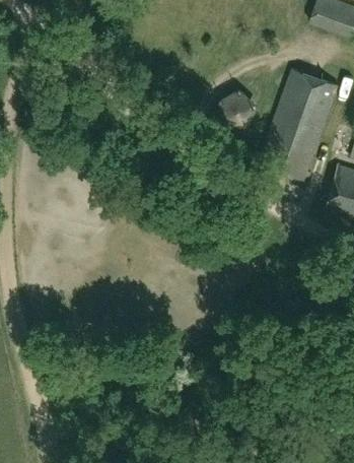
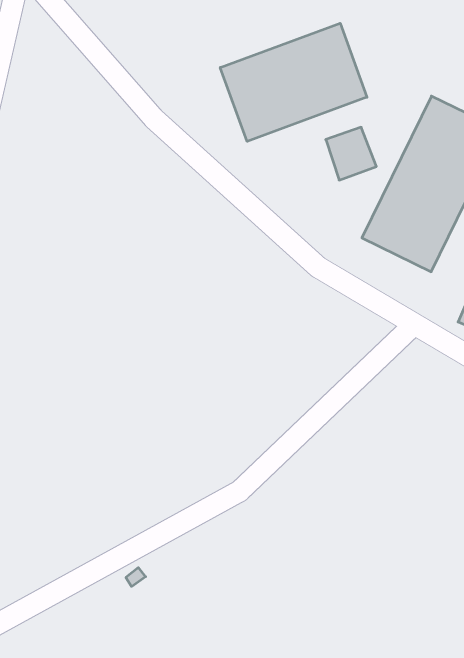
building: none -> [220,23,367,141]

